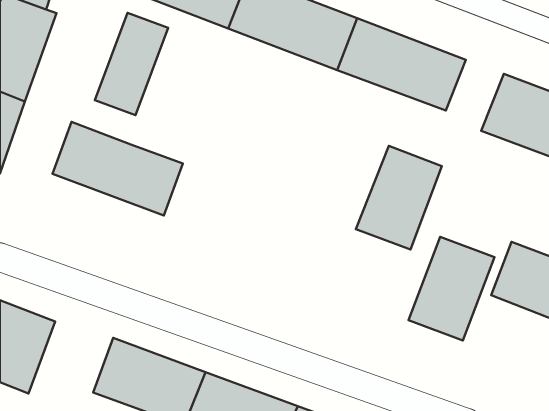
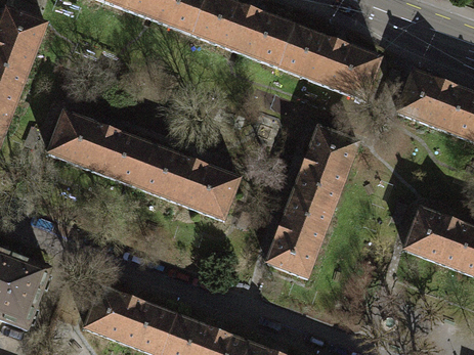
building: [95,13,168,115] -> none
building: none -> [134,141,240,217]
building: [408,237,494,341] -> [264,194,334,278]

